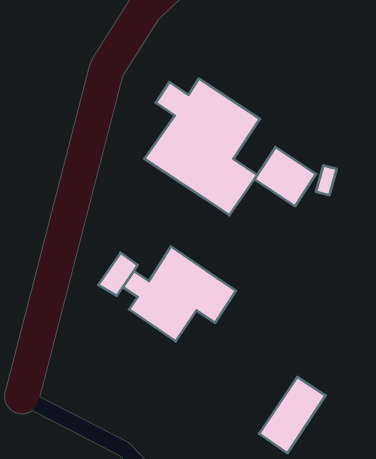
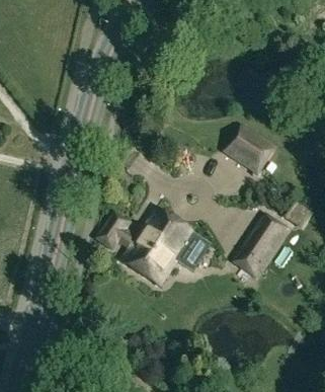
building: [144,79,260,215] -> none
building: [259,377,326,453] -> [232,215,287,278]

